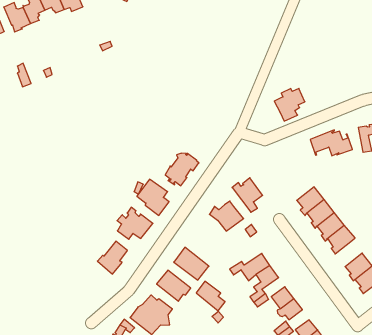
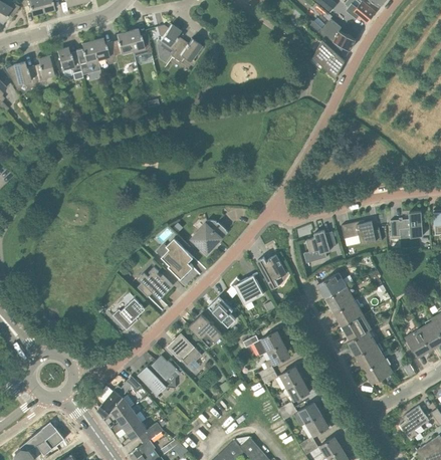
building: [274,88,305,121] -> [306,230,337,261]
building: none -> [350,330,377,357]
building: [196,281,225,311] -> [209,296,236,327]

